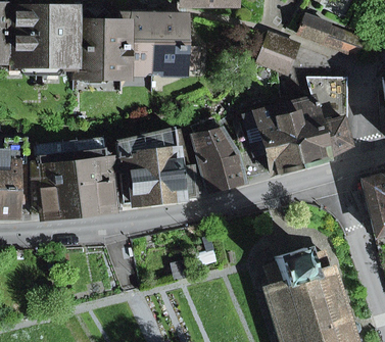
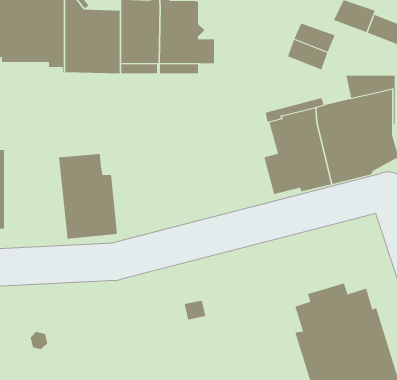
building: [190,117,243,192] -> none
building: [114,129,201,206] -> none
building: [30,145,77,215] -> none

